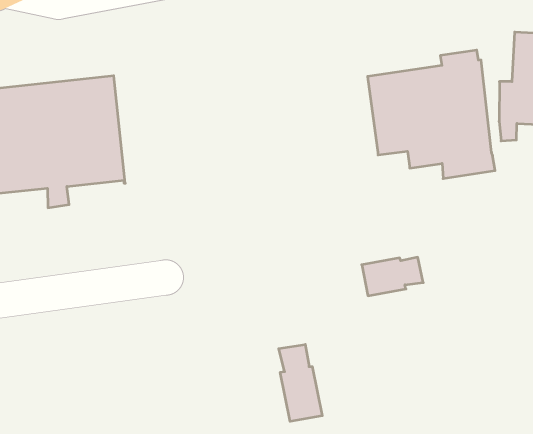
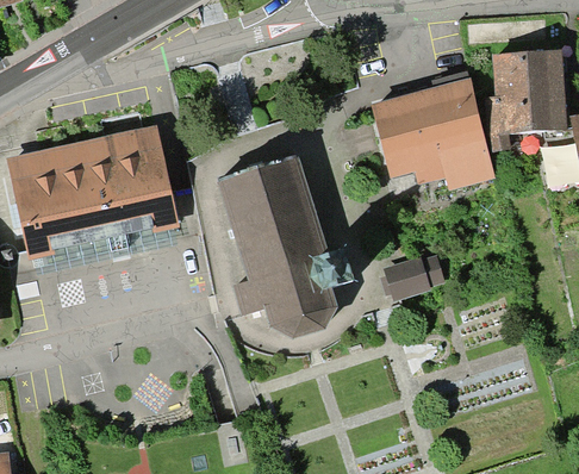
building: none -> [218,154,351,335]
building: [279,344,322,421] -> none

